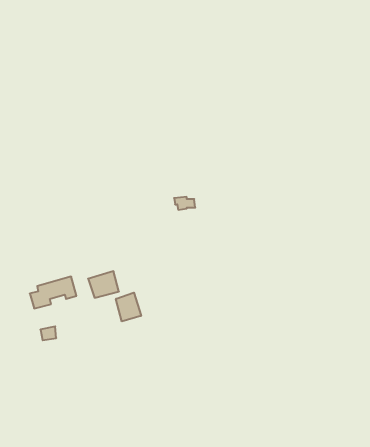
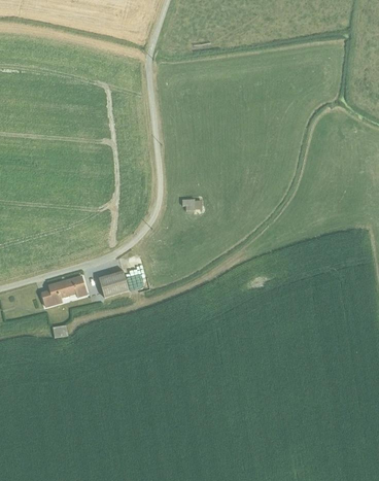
building: [116,293,141,321] -> none

